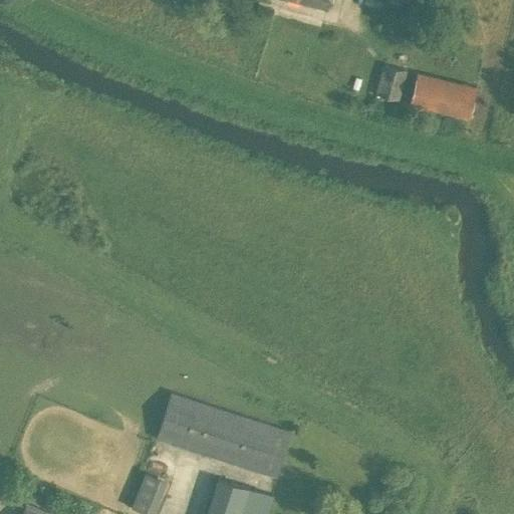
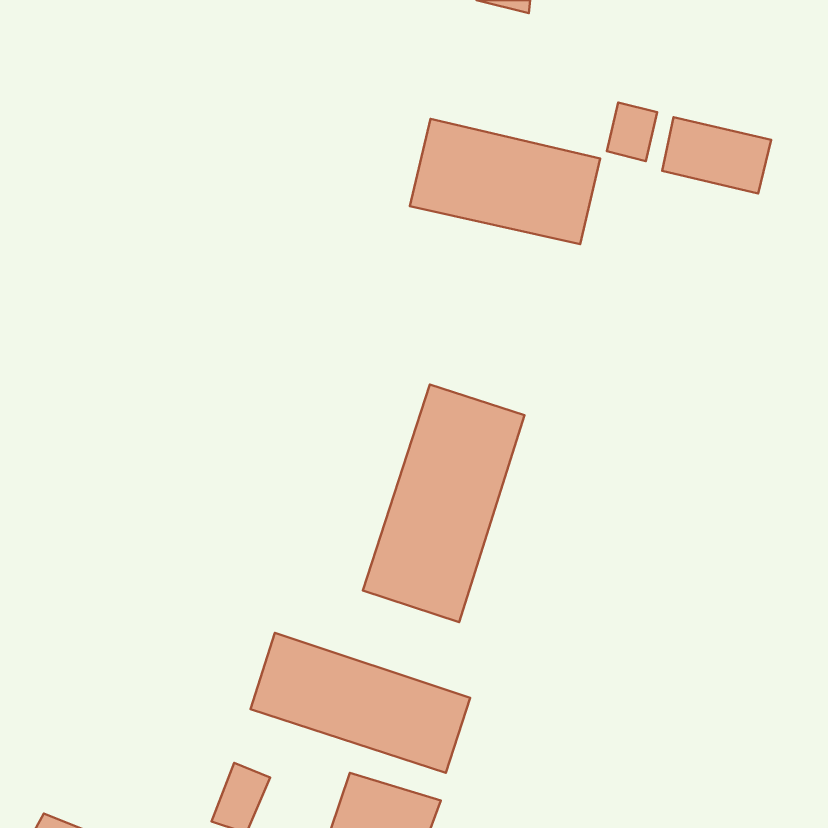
building: none -> [410,119,600,244]
building: none -> [363,384,524,622]

